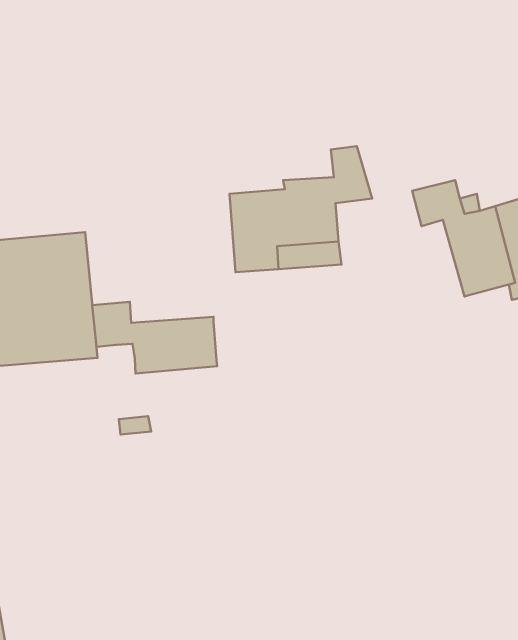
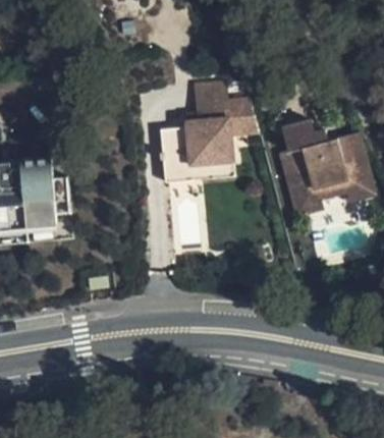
building: none -> [194,80,230,120]
building: none -> [281,147,323,214]
building: [92,302,217,373] -> none

